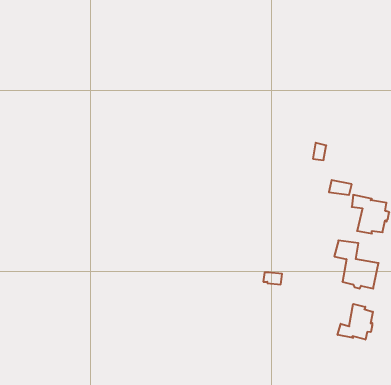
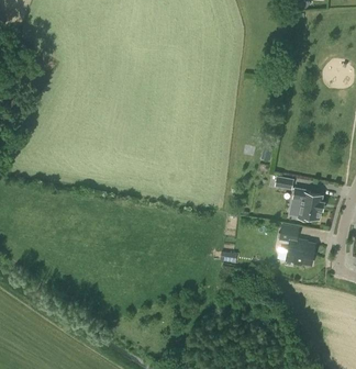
building: [338,304,373,340] -> none

